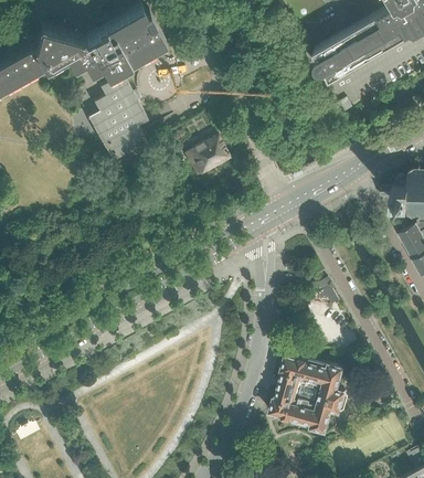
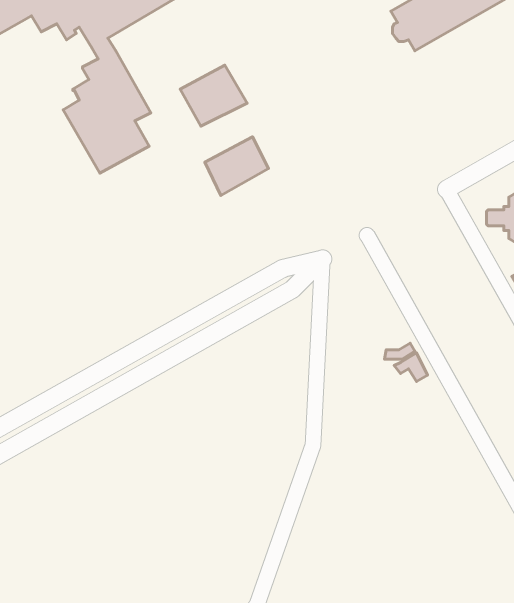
building: none -> [180,65,247,126]
building: [271,354,347,434] -> none

